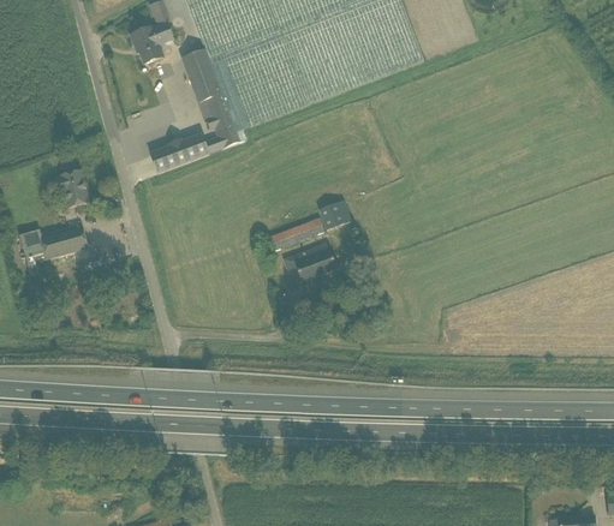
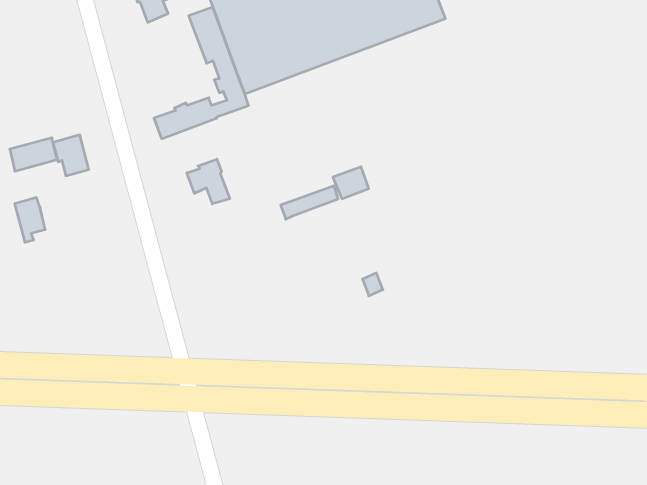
building: none -> [187,159,230,204]
building: [42,227,87,258] -> [10,138,57,171]
building: [284,243,334,280] -> none

